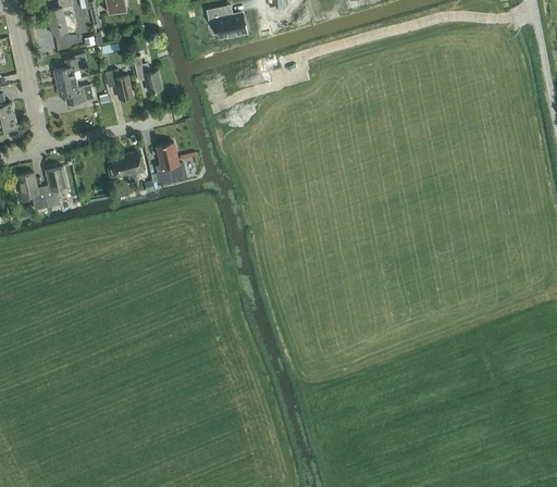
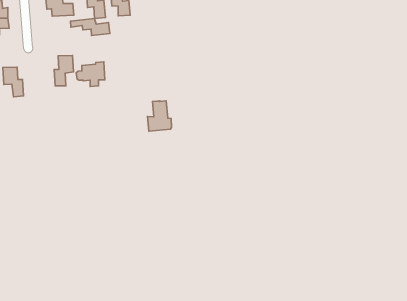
building: none -> [71,18,110,35]
building: [153,143,185,184] -> [147,101,172,131]
building: [44,167,67,208] -> [54,56,74,86]

